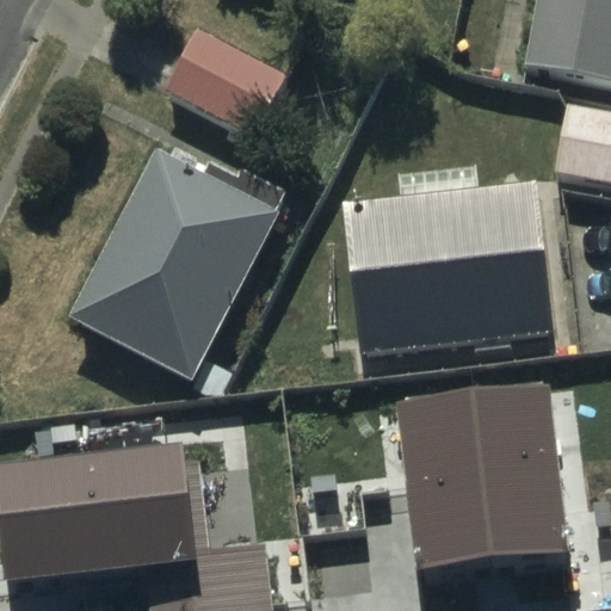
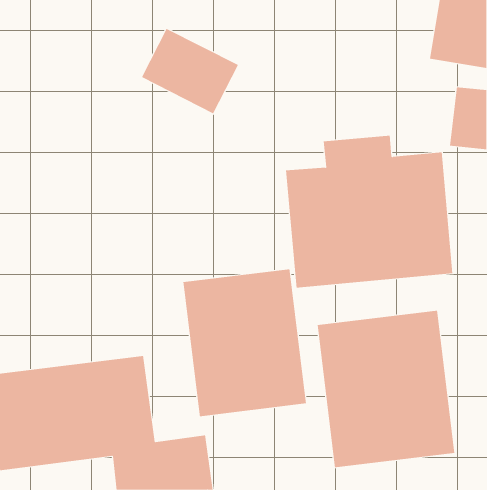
building: [79,152,296,379] -> none
building: none -> [183,268,306,417]

